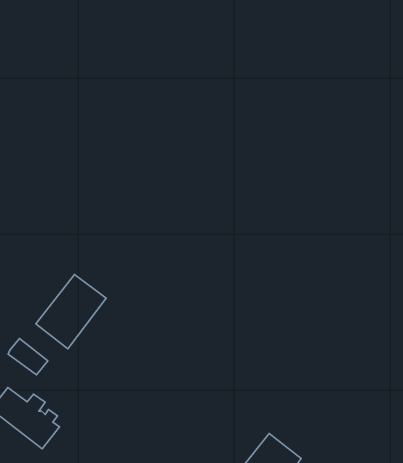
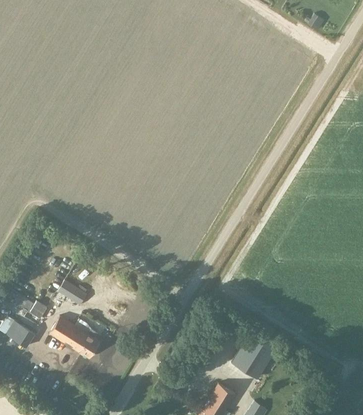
building: [36,274,106,349] -> none

